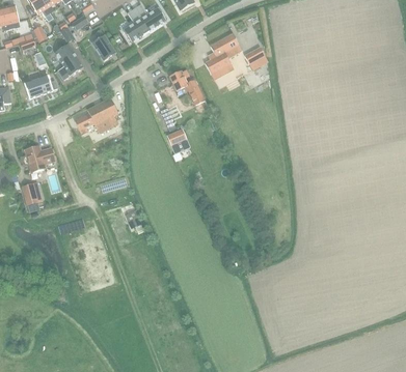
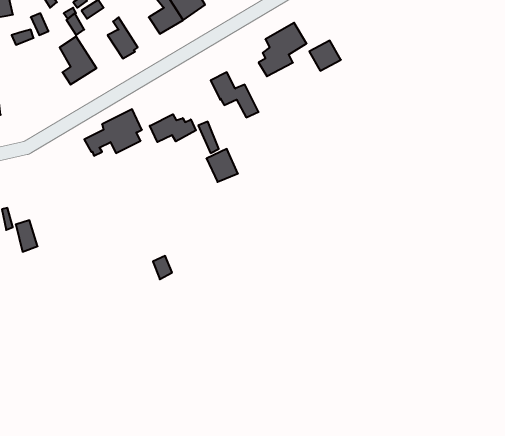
building: [24,75,57,97] -> none
building: none -> [150,114,196,142]
building: [24,144,55,171] -> none

